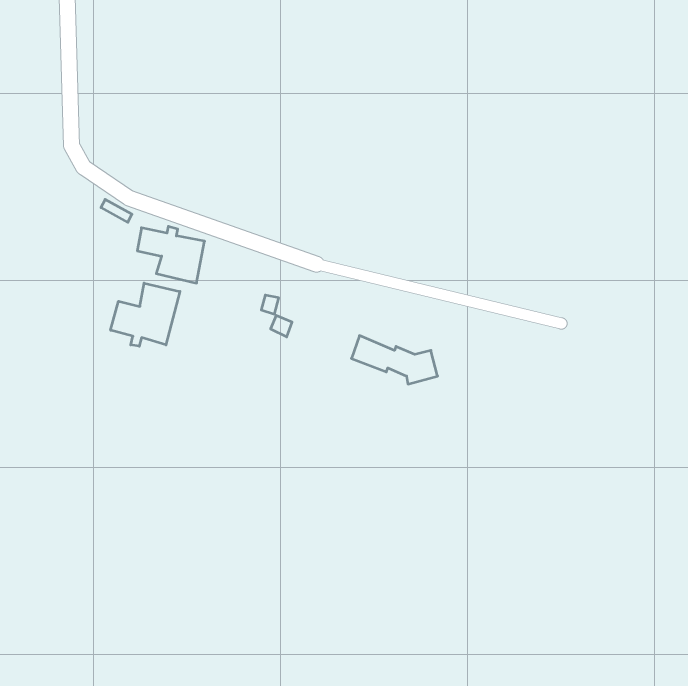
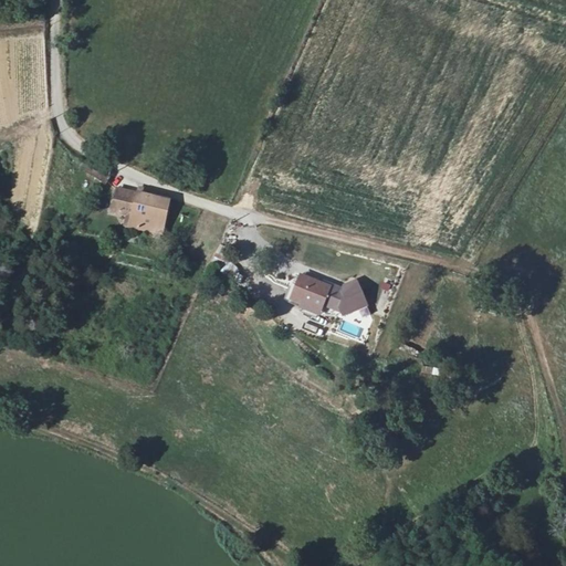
building: [111,283,180,346] -> none

